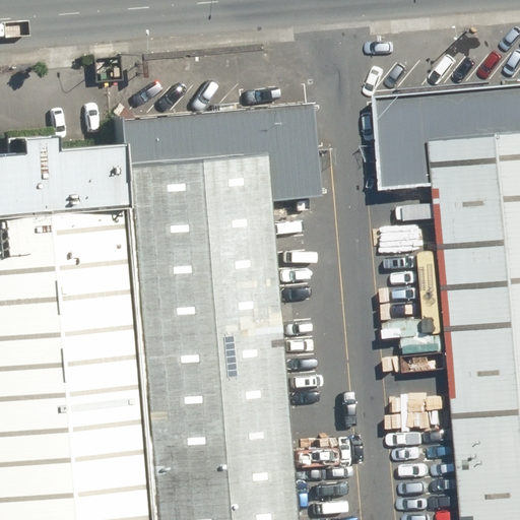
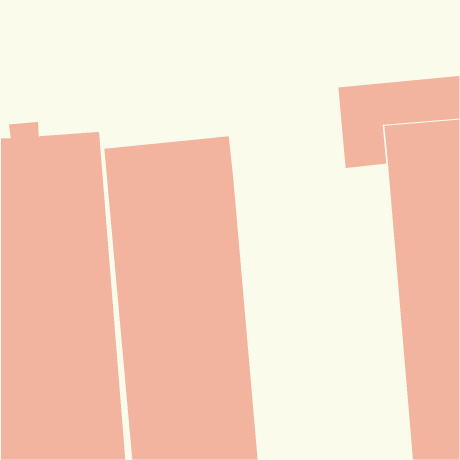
building: [112,104,315,202] -> none

